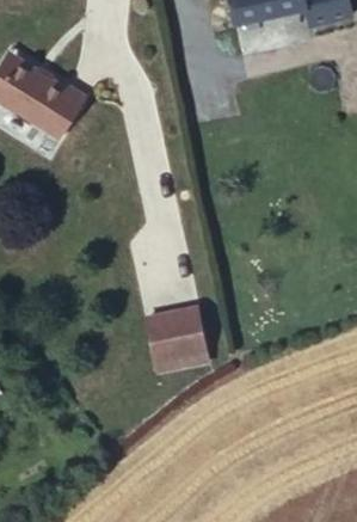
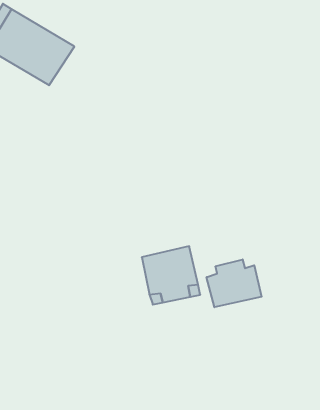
building: none -> [207,259,262,307]

